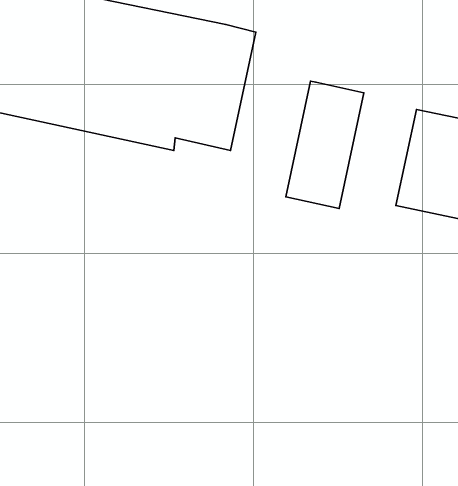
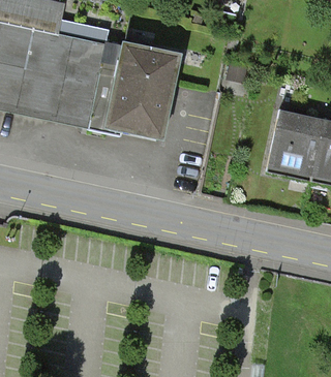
building: [286,81,364,209] -> none

